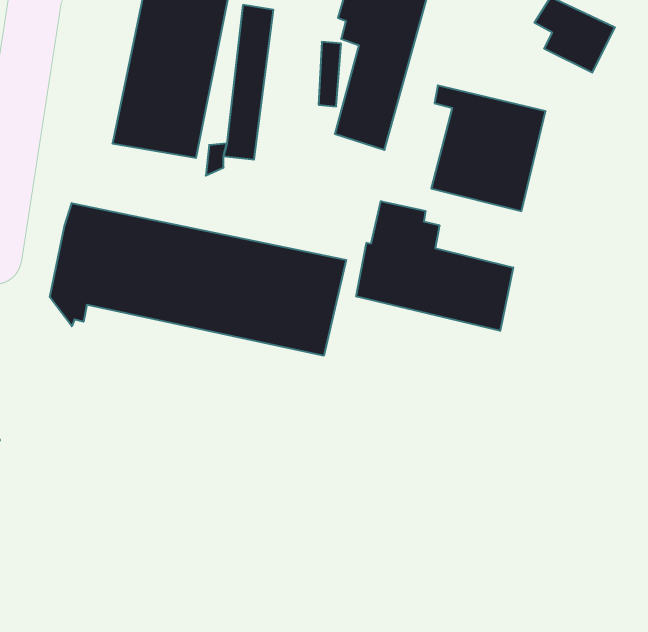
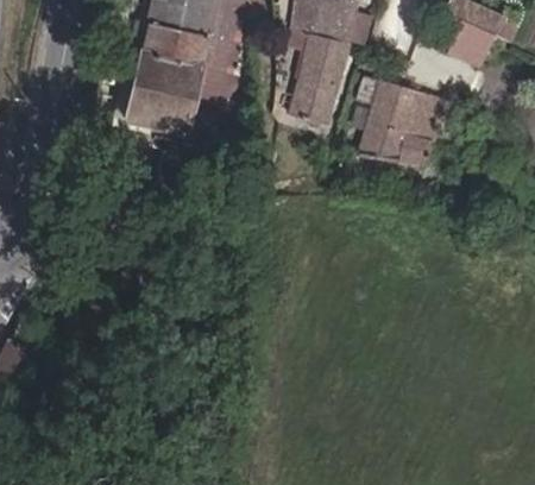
building: [356,201,513,331] -> none
building: [50,203,346,356] -> none

